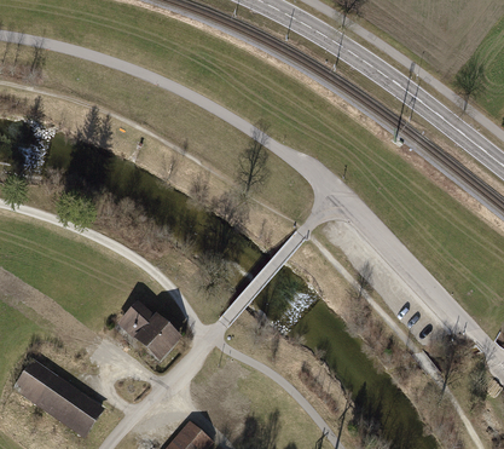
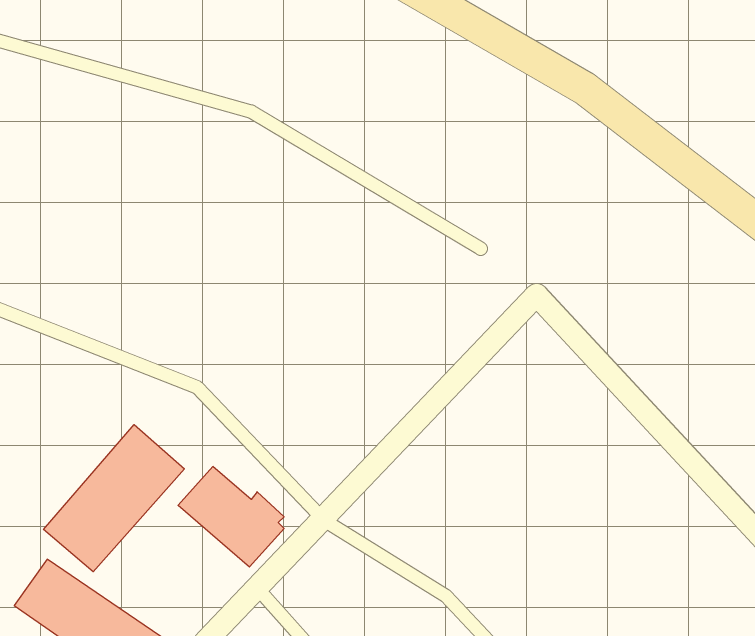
building: none -> [44,425,184,572]

